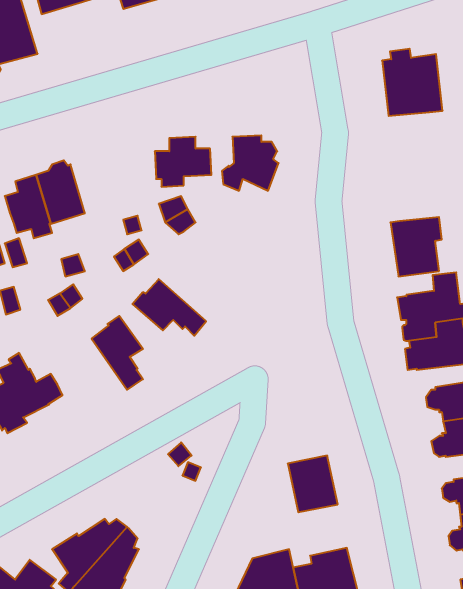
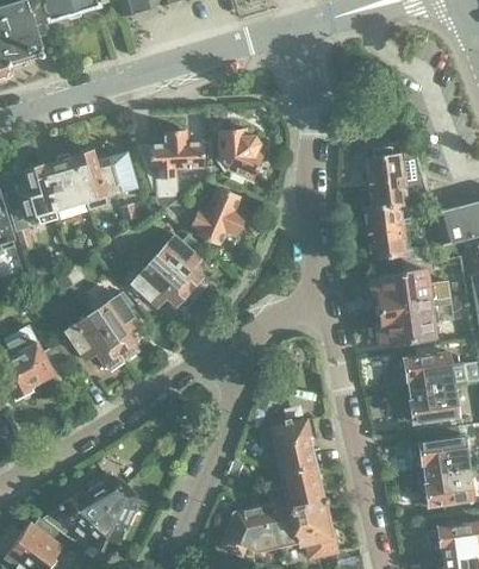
building: [382,49,443,116] -> [366,146,421,207]
building: none -> [75,151,137,207]
building: none -> [193,188,245,244]
building: none -> [155,235,210,298]
building: none -> [66,313,126,369]
building: none -> [272,463,325,520]

